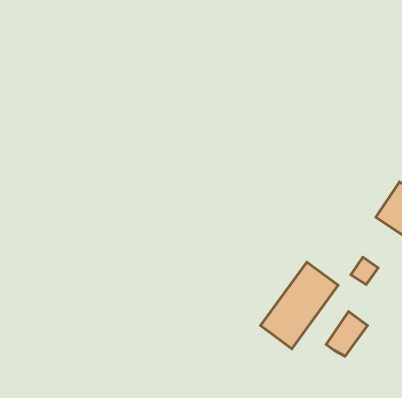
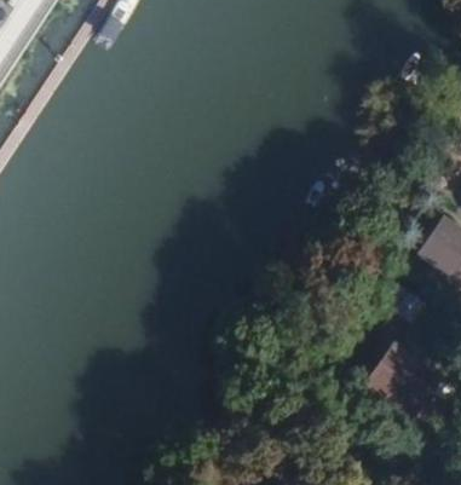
building: [260,262,338,349] -> none

